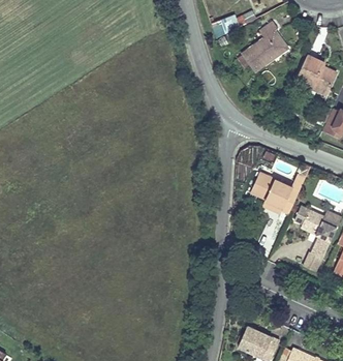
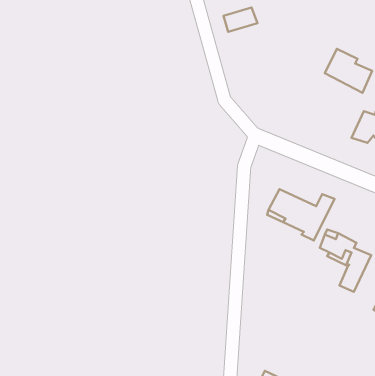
building: [245,18,287,68] -> none

